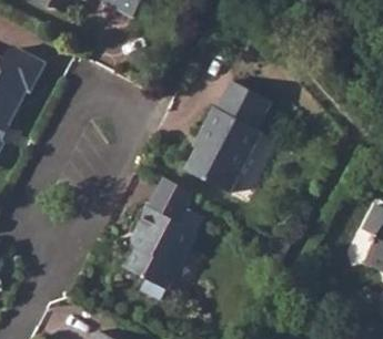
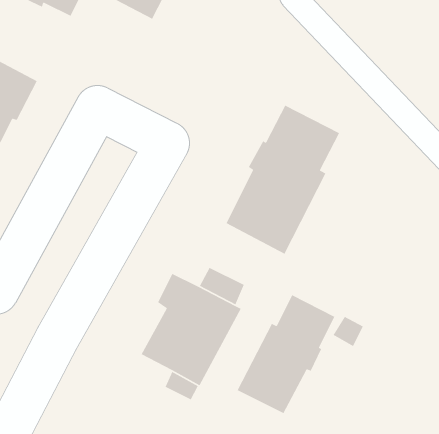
building: none -> [236,294,335,414]

